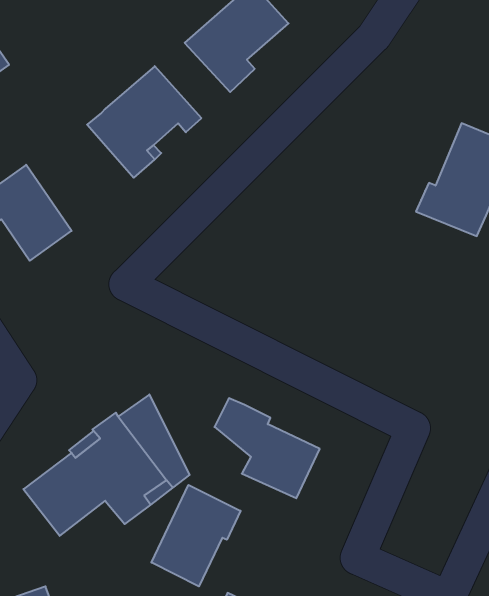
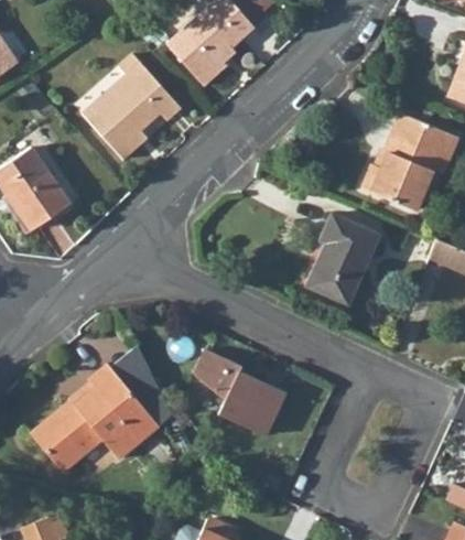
building: none -> [310,216,380,304]
building: [151,485,241,586] -> none

